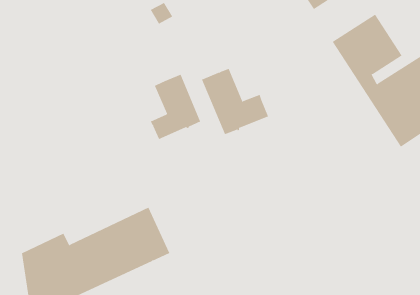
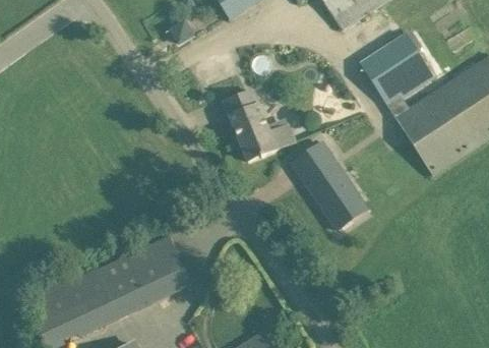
building: [150,74,201,140] -> none
building: none -> [292,142,359,230]

